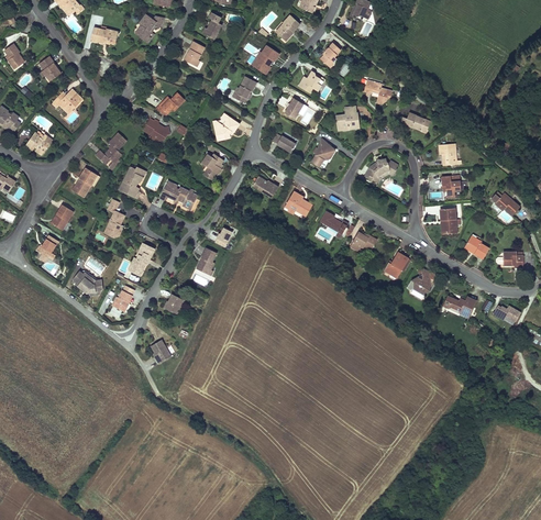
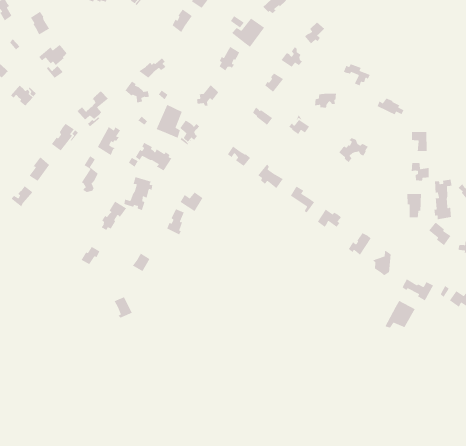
building: none -> [156,104,183,139]
building: none -> [434,179,452,220]
building: none -> [124,176,153,211]
building: [73,269,101,294] -> none
building: none -> [384,300,416,329]

